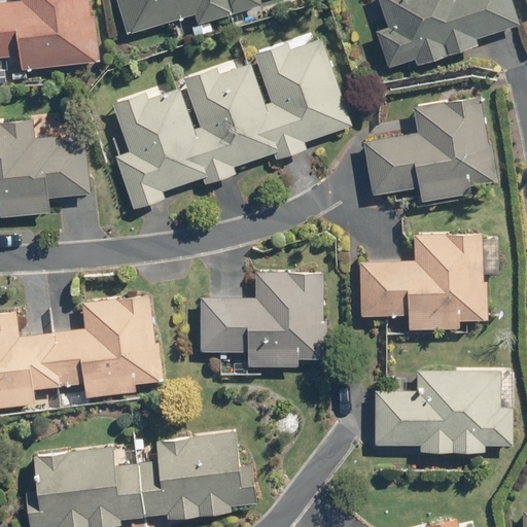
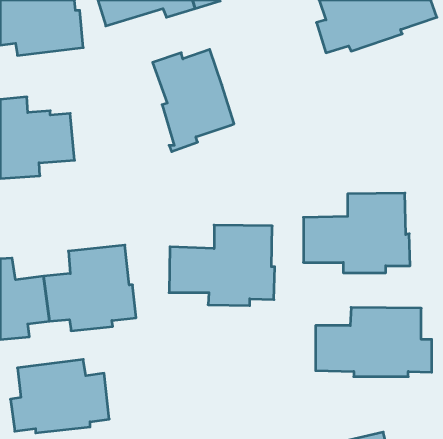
building: [252,38,351,161] -> none
building: [112,87,207,210] -> none
building: [363,96,498,202] -> none
building: [130,421,248,511] -> none

